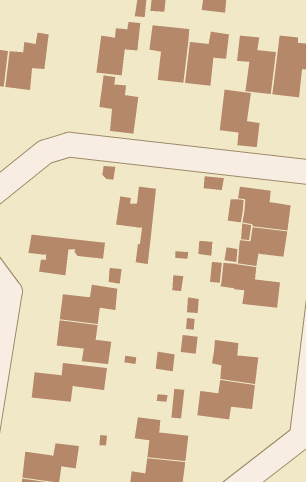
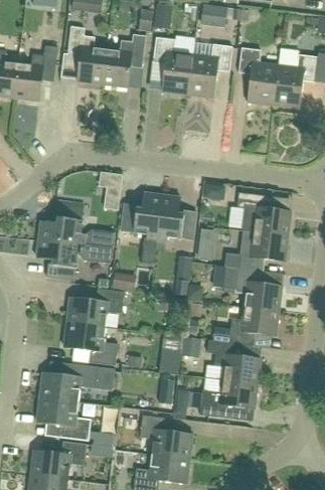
building: [99,75,139,134] -> [67,26,107,84]
building: [219,89,260,148] -> none
building: none -> [156,195,195,241]
building: none -> [39,205,114,248]
building: none -> [216,307,278,345]
building: none -> [36,397,91,441]

